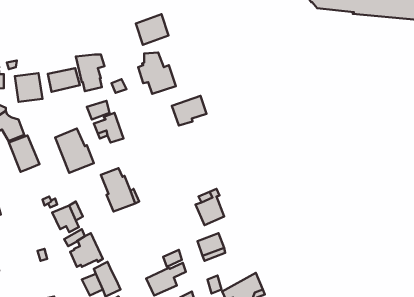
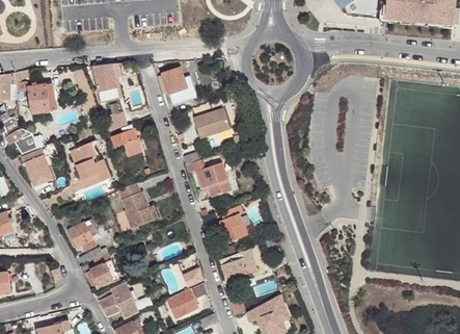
building: [136,14,169,45] -> none
building: [48,68,80,92] -> none
building: none -> [182,150,233,197]

